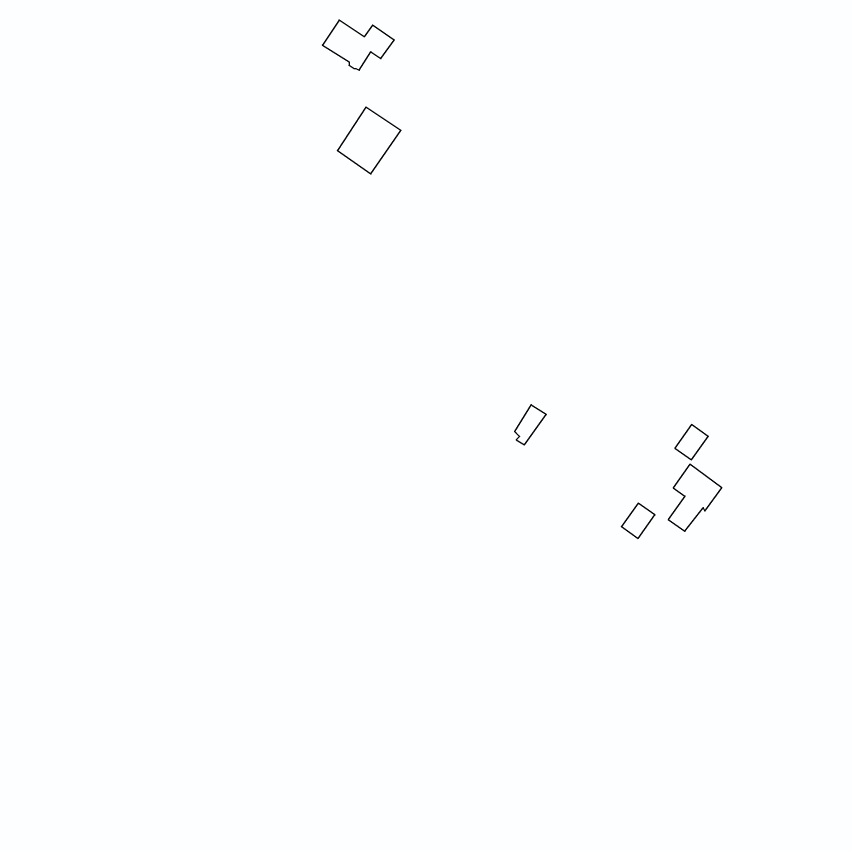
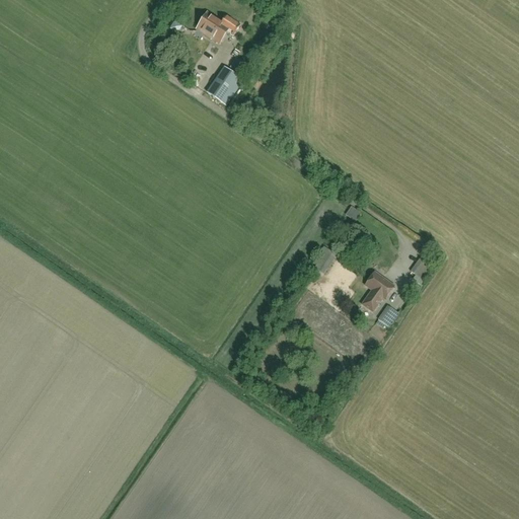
building: [668,464,722,531] -> [361,271,393,311]

